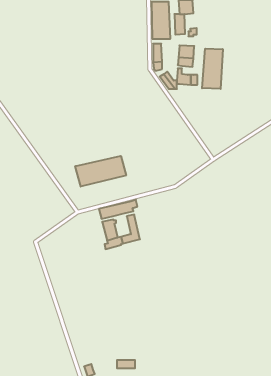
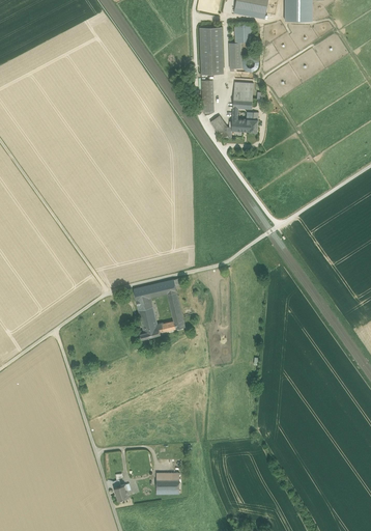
building: [202,49,223,89] -> none
building: [75,156,126,187] -> none

